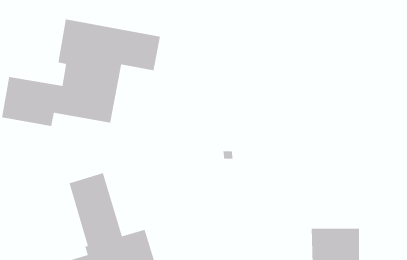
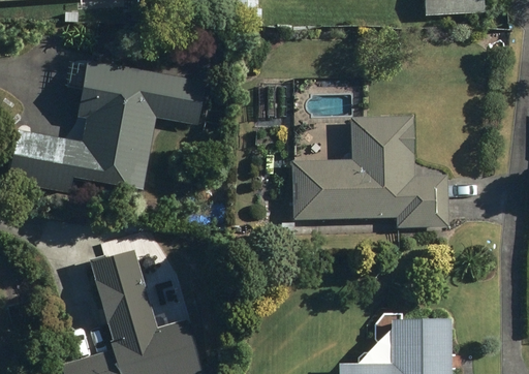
building: none -> [291,116,447,227]

